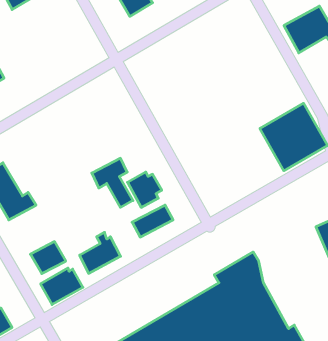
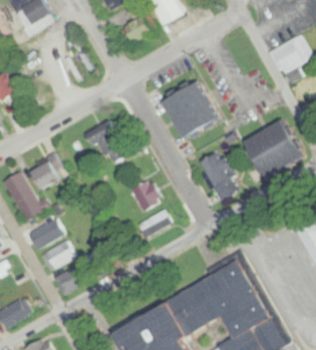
building: none -> [161,81,219,140]
building: none -> [199,152,237,201]
building: none -> [29,160,59,190]
building: [92,158,133,207] -> [84,120,120,163]
building: [80,232,121,273] -> [27,214,63,250]

